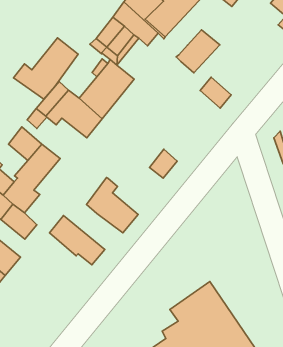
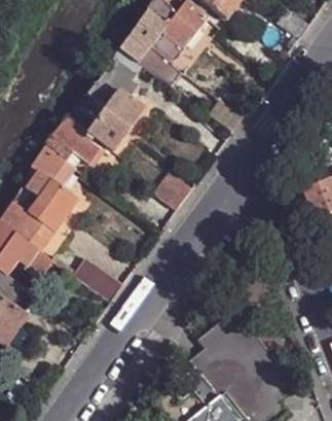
building: [176,30,220,73] -> none
building: [14,38,78,99] -> none
building: [86,177,138,233] -> none

